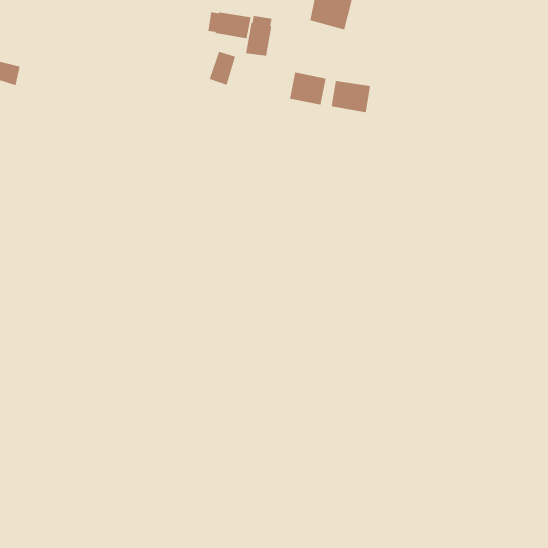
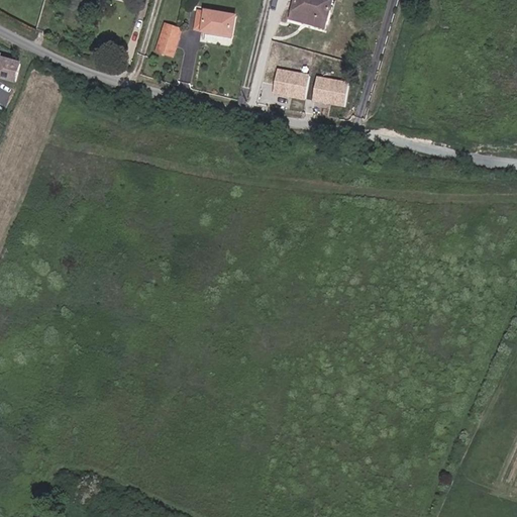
building: [246,15,272,57] -> none
building: [209,51,236,86] -> [156,24,181,57]

